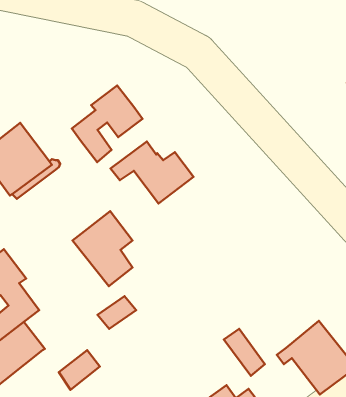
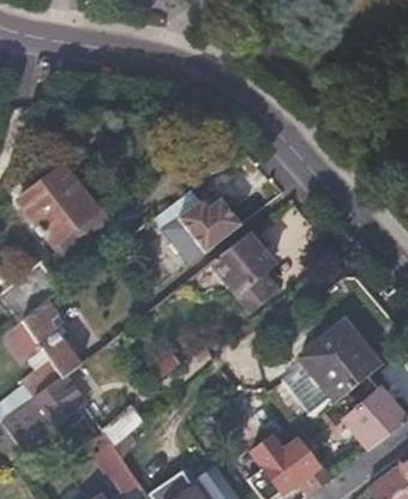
building: [72,85,143,162] -> none
building: [73,211,132,286] -> [210,233,271,309]
building: none -> [301,323,379,399]

